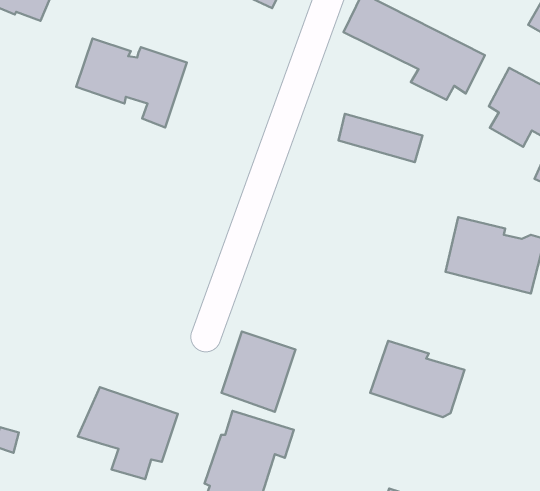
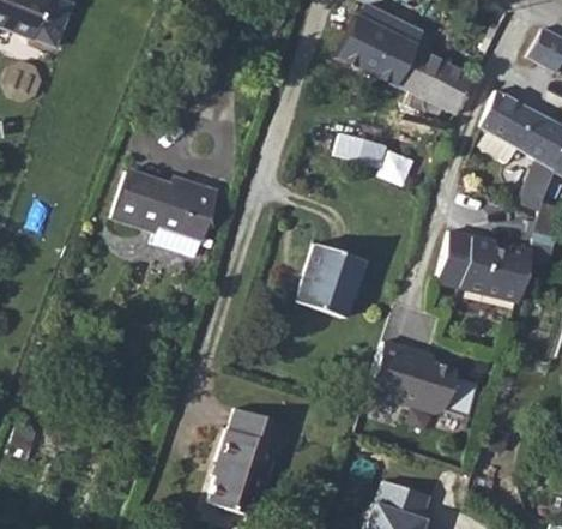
building: [76,38,187,128] -> [113,169,217,253]
building: [221,332,295,412] -> [295,244,364,319]
building: [78,387,178,479] -> none

